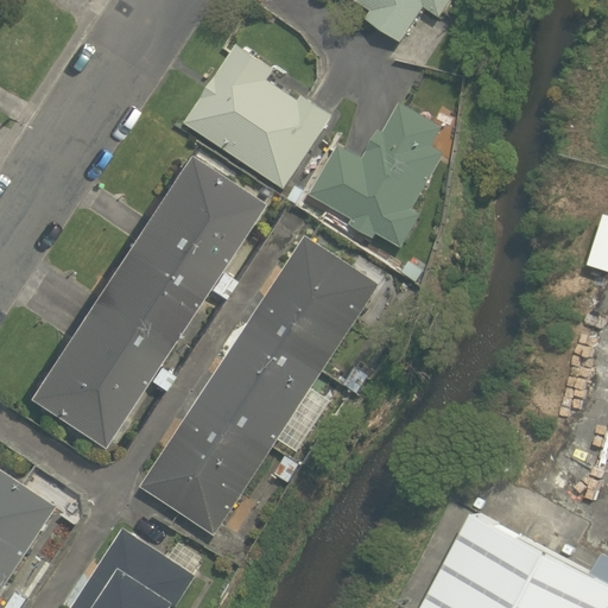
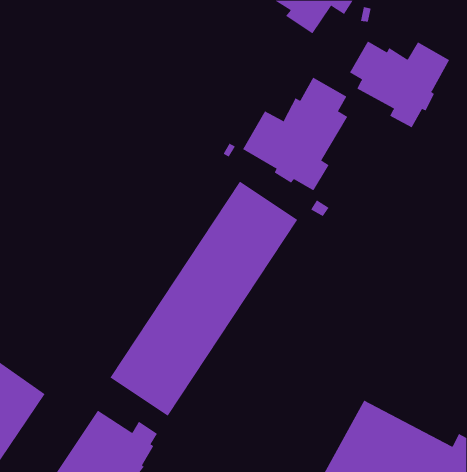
building: [184,44,335,190] -> none
building: none -> [349,40,450,128]
building: [21,153,256,446] -> none

